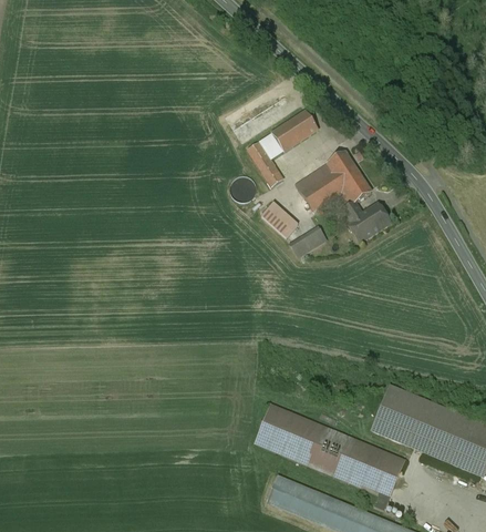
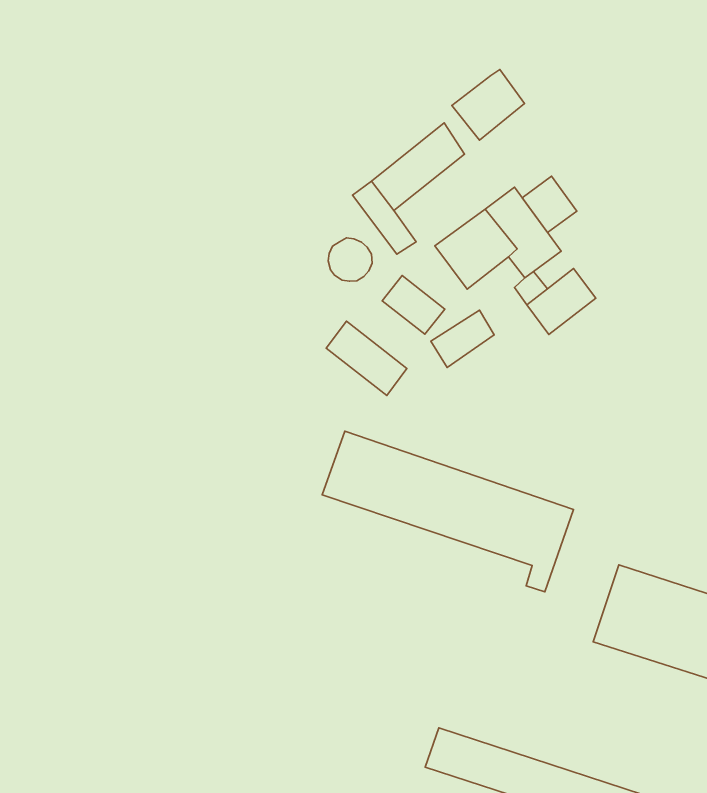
building: none -> [452,70,525,140]
building: none -> [522,176,577,233]
building: none -> [326,321,407,395]
building: [254,403,405,510] -> [322,431,574,592]

